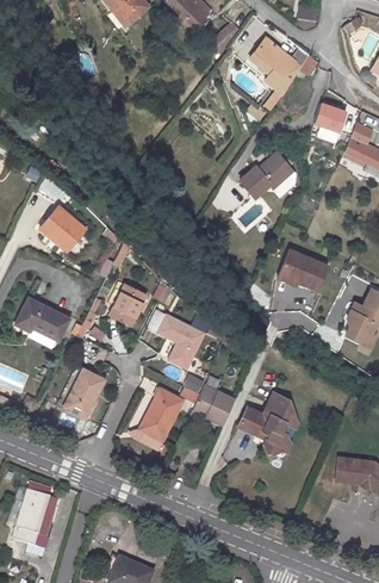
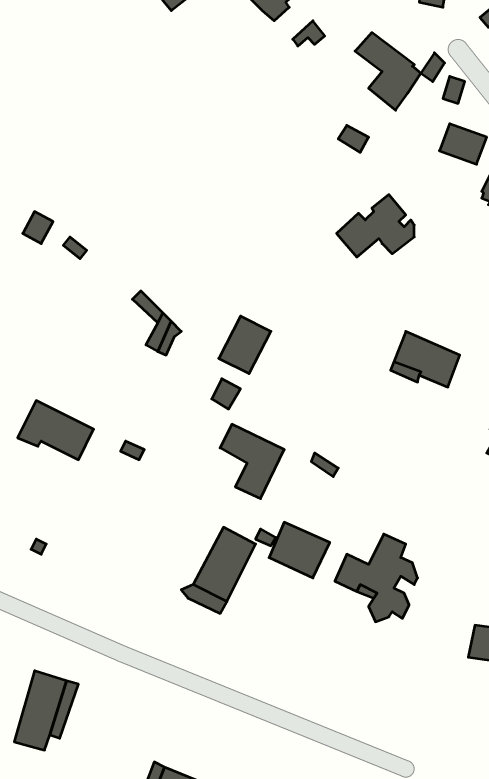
building: [41,209,86,250] -> none
building: [110,284,147,324] -> [219,316,271,374]
building: [64,368,105,417] -> none

